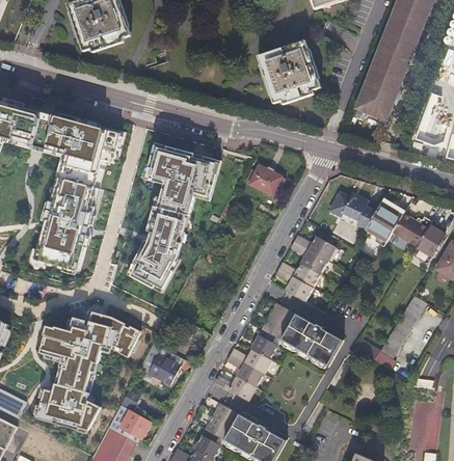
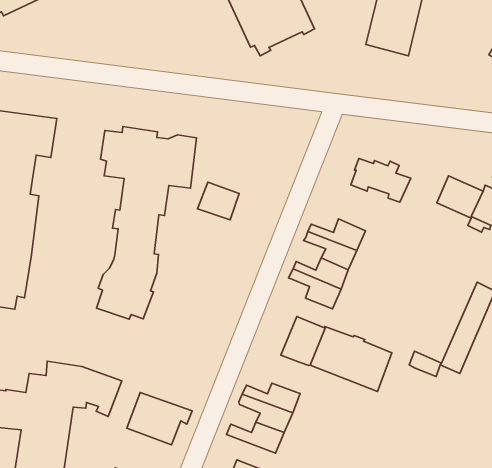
building: [248,164,281,194] -> [197,182,239,220]
building: [364,197,404,241] -> none
building: [250,329,277,358] -> none

